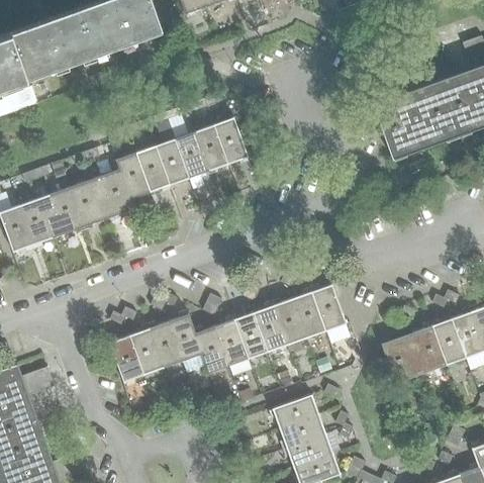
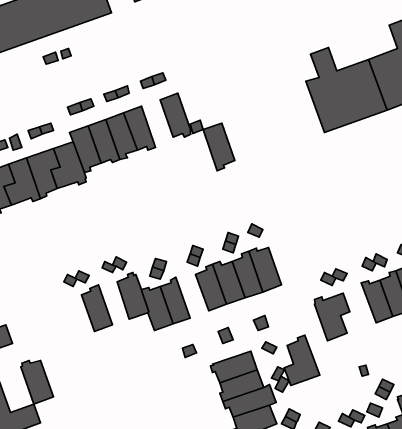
building: [194,124,228,176] -> [203,123,235,171]
building: [231,313,267,361] -> none
building: [148,321,181,368] -> none
building: [409,322,448,377] -> [284,335,320,386]
building: [108,335,143,383] -> [21,360,54,404]

